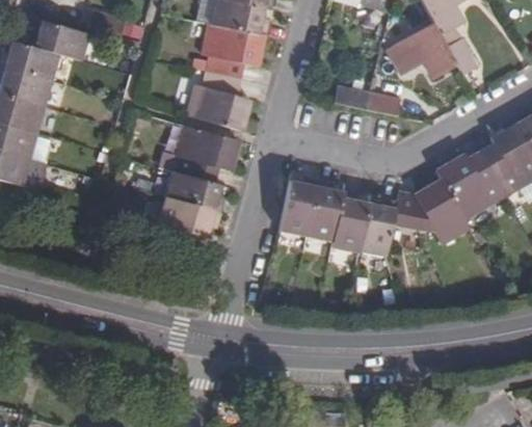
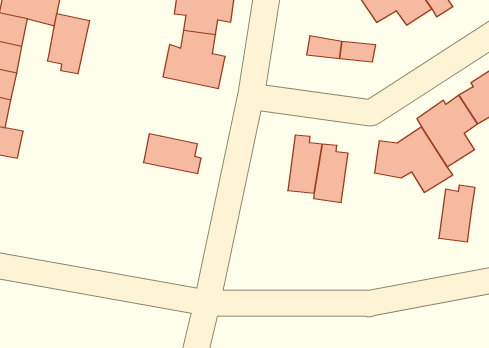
building: none -> [47,14,89,74]
building: [177,127,240,184] -> none
building: [280,179,316,236] -> none
building: [156,199,218,238] -> none
building: [357,199,396,256] -> [439,185,475,242]

